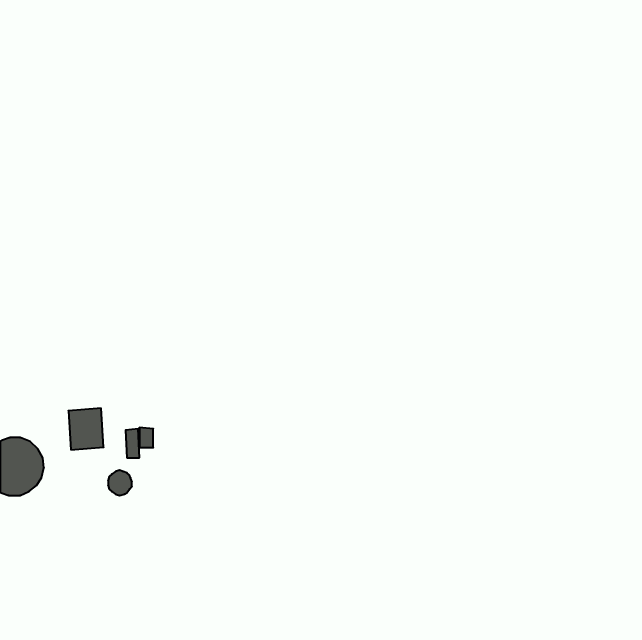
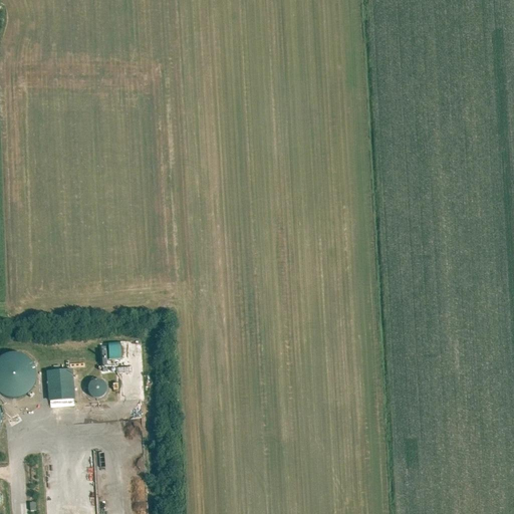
building: [68,408,104,450] -> [45,367,73,401]

